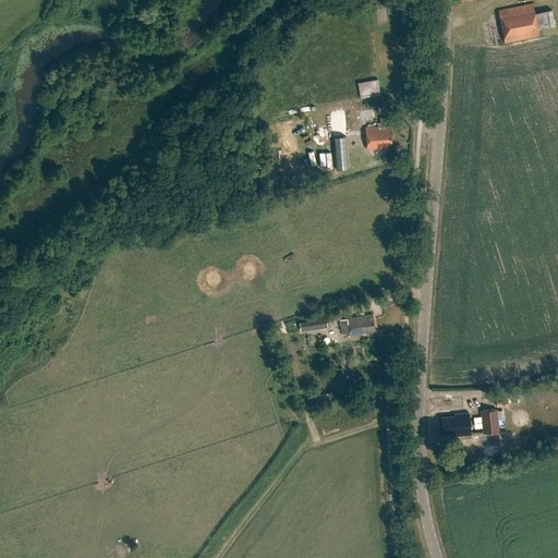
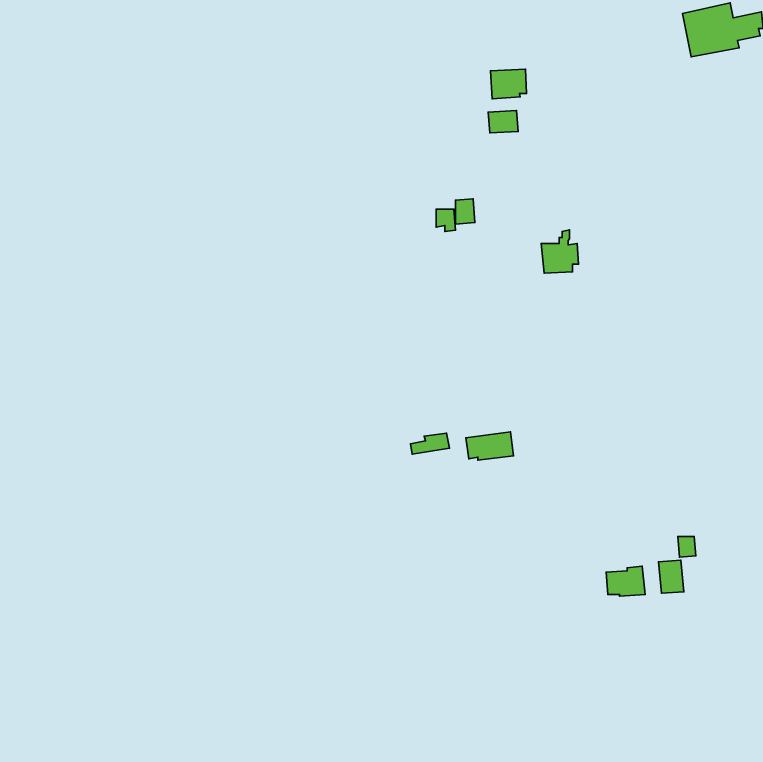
building: none -> [491,69,527,99]
building: [365,119,392,150] -> [541,230,579,273]

